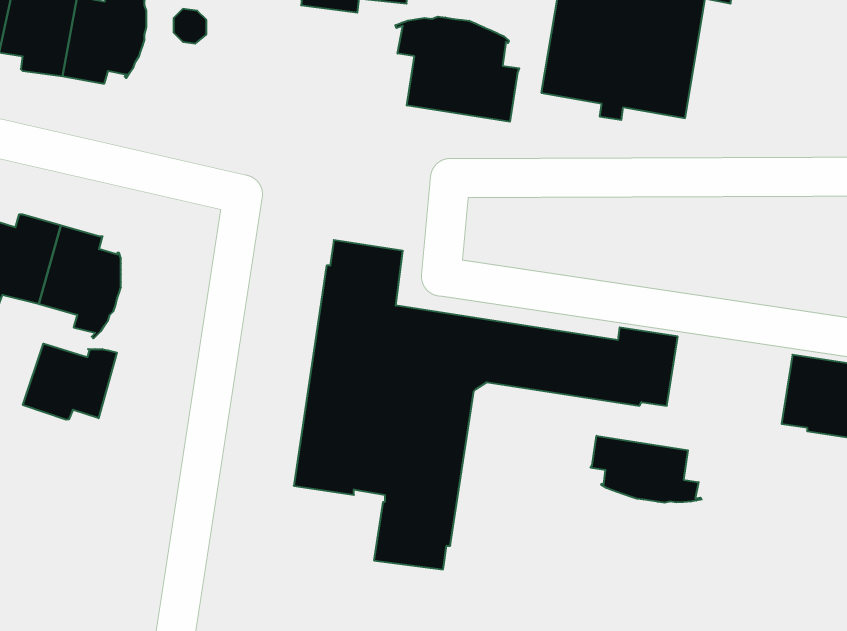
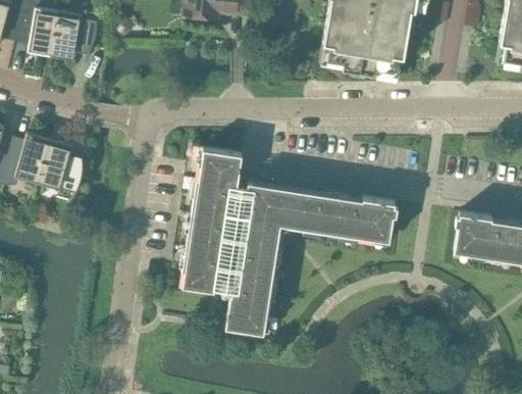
building: [395,17,519,122] -> none
building: [23,344,117,420] -> none
building: [591,436,702,503] -> none

